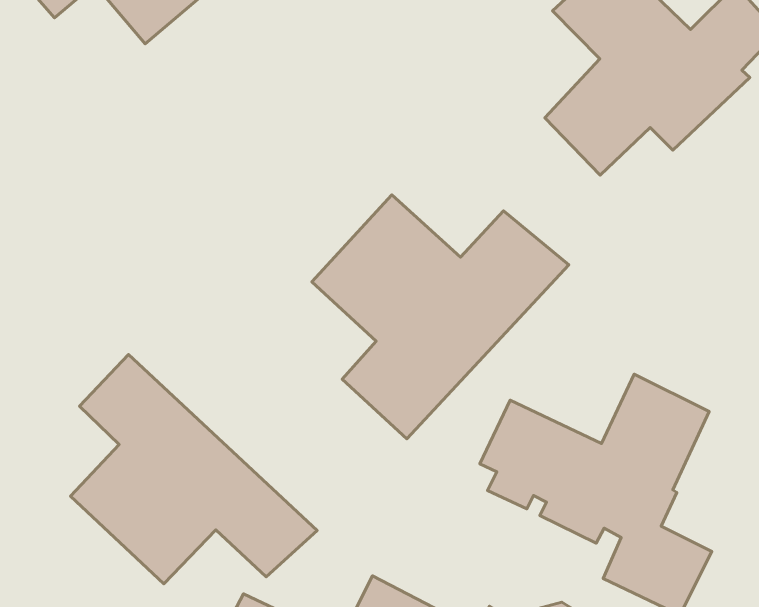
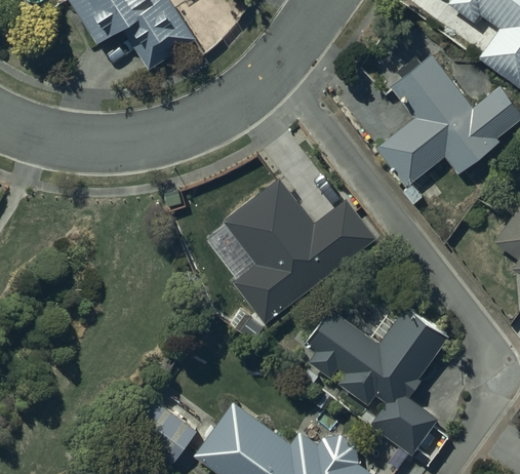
building: [70,354,317,584] -> none

